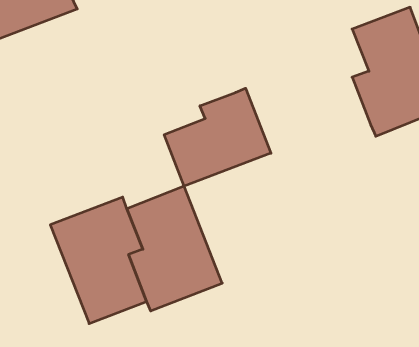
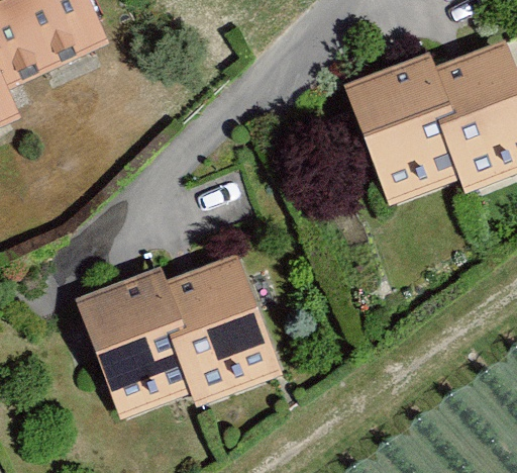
building: none -> [343,50,457,204]
building: [164,88,271,186] -> none

